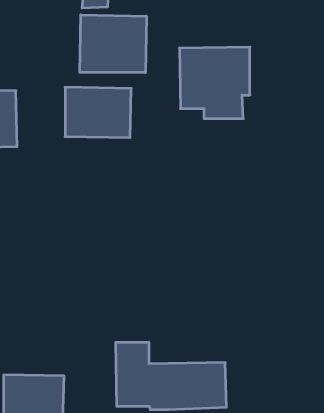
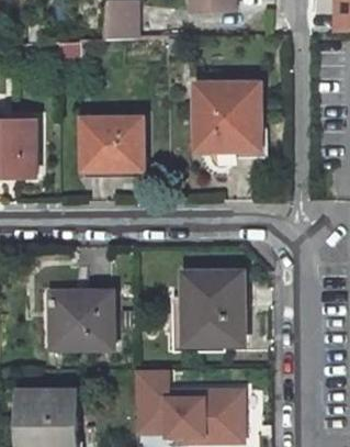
building: [80,15,146,73] -> none
building: none -> [185,272,245,344]
building: none -> [55,294,116,344]

